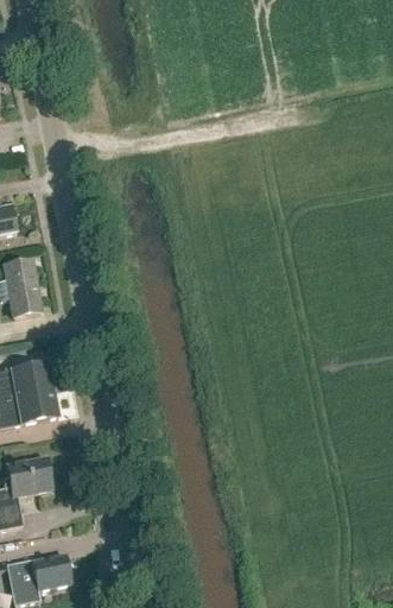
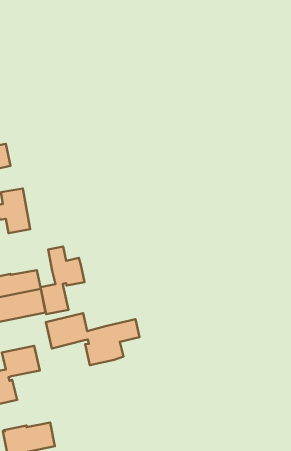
building: none -> [40,246,84,314]
building: none -> [46,313,140,365]

